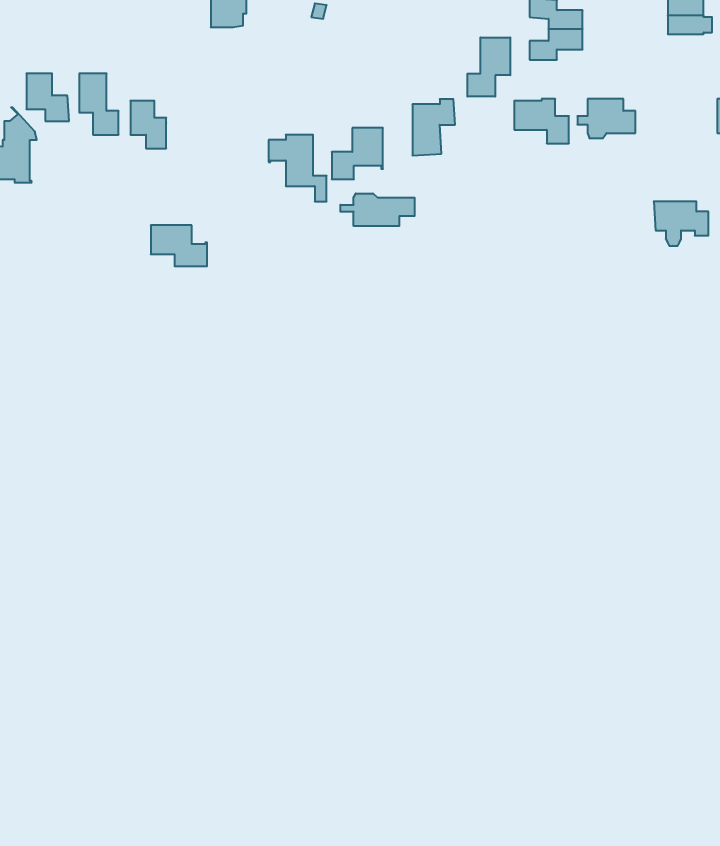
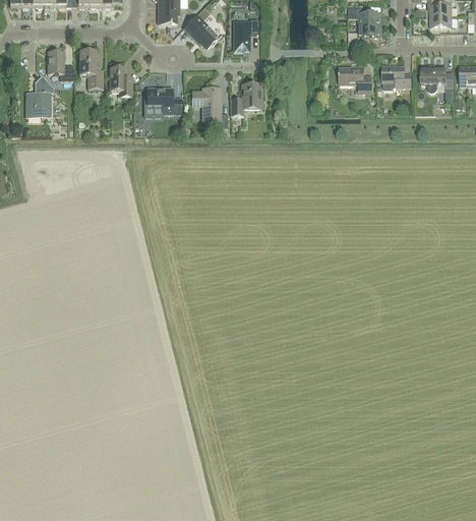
building: none -> [184,14,219,48]
building: [467,37,510,97] -> none
building: [412,99,455,155] -> [233,17,258,51]
building: [340,193,415,226] -> none
building: [654,201,708,246] -> [420,66,453,93]
building: [151,225,207,266] -> [147,88,181,112]

